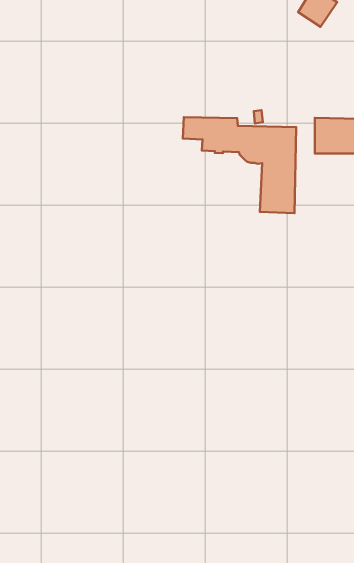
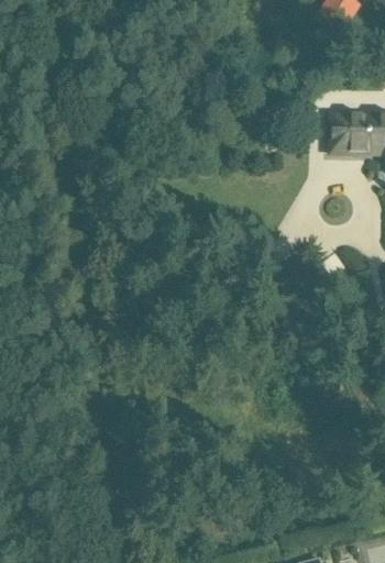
building: [183,117,296,213] -> none

